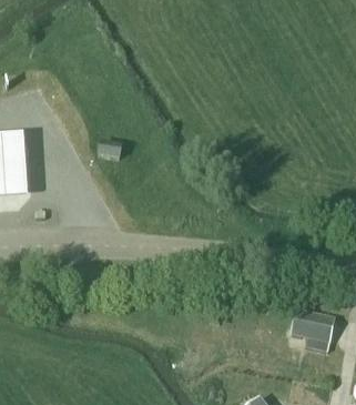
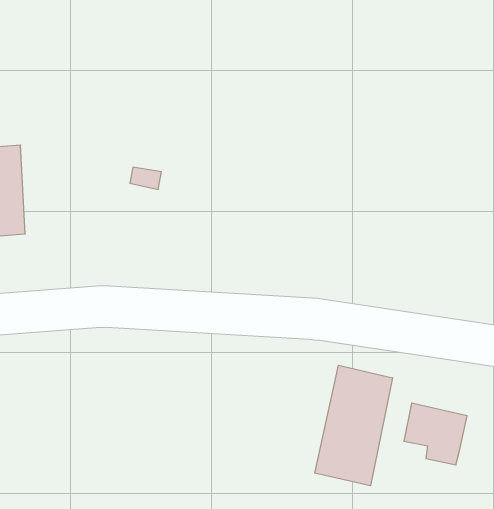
building: none -> [315,365,393,486]

